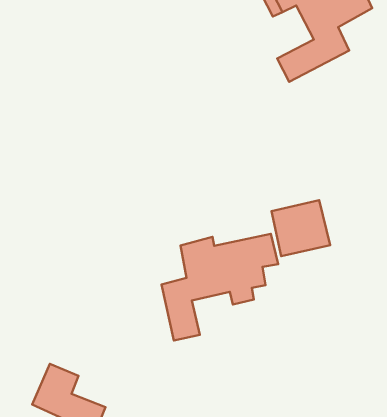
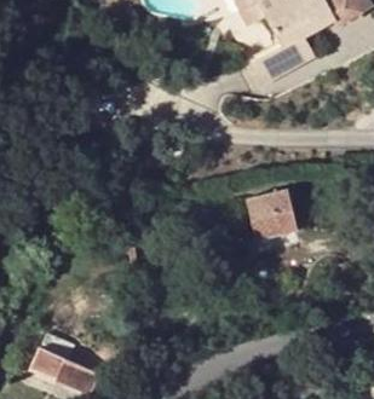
building: [161,234,278,340] -> none

